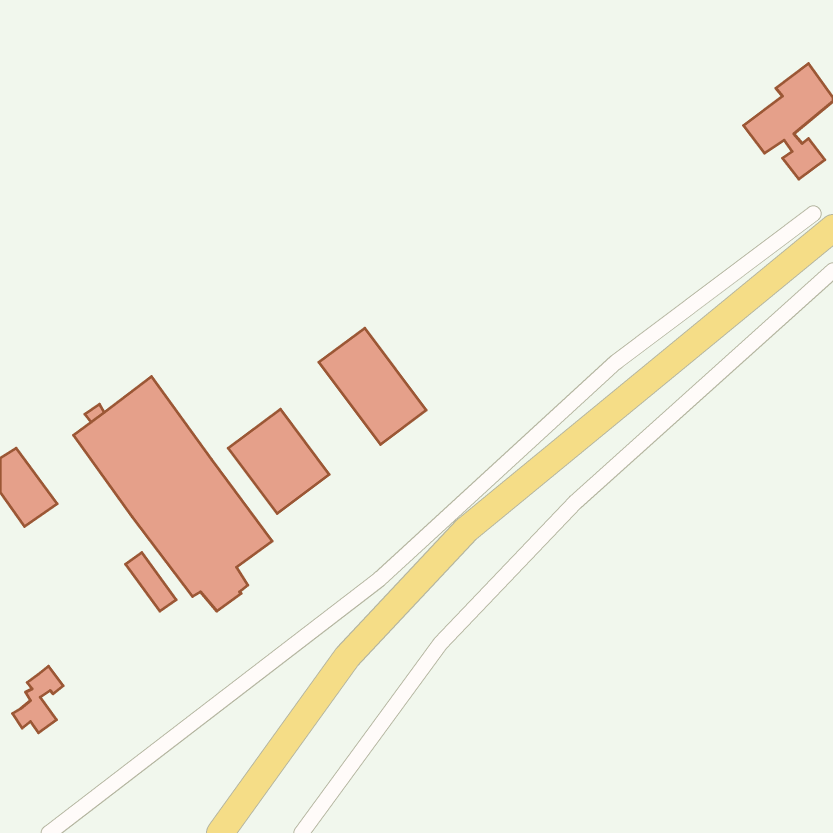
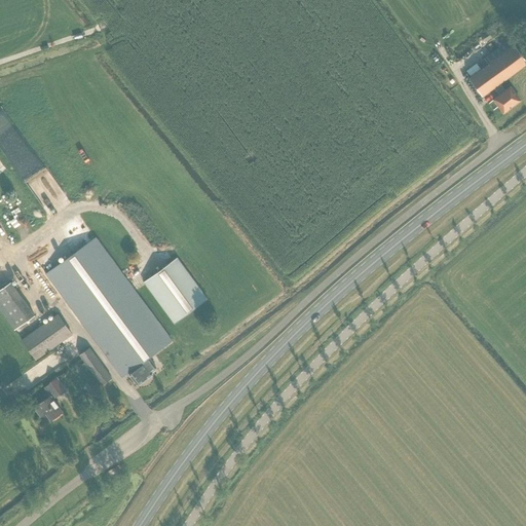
building: [319,328,426,444] -> none
building: none -> [22,314,72,361]
building: [13,666,63,733] -> [34,378,66,420]

